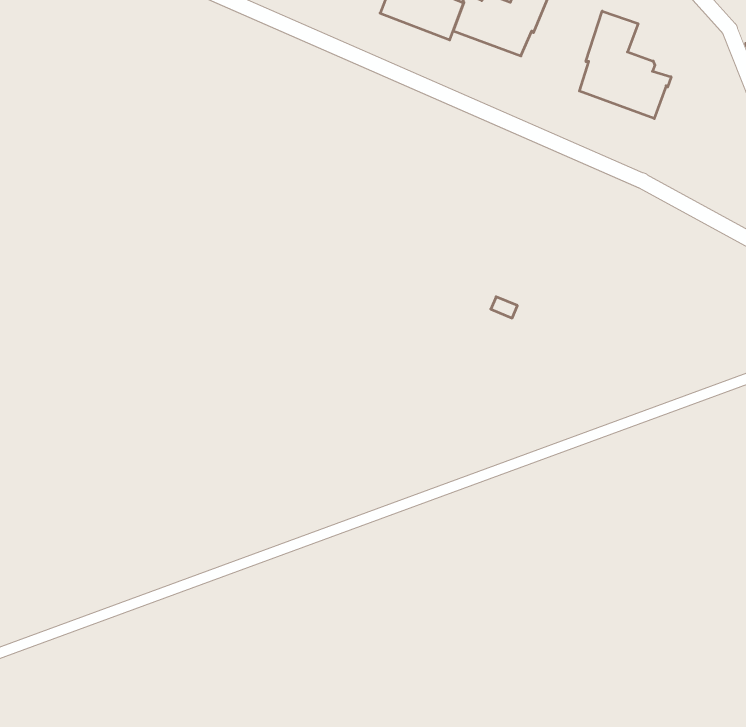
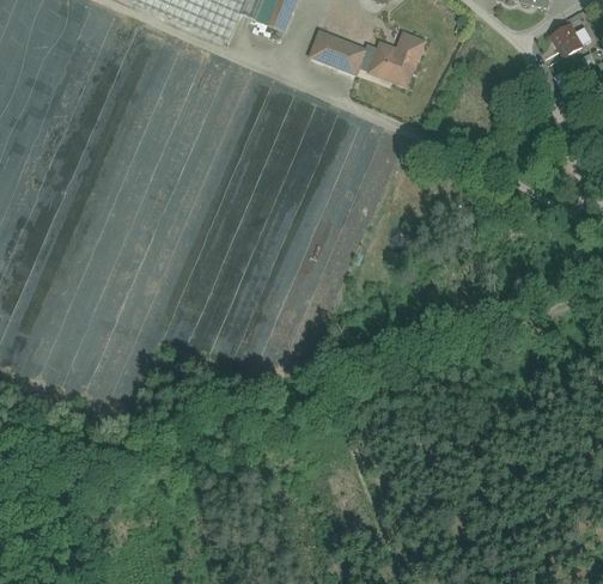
building: [579,11,671,119] -> none

